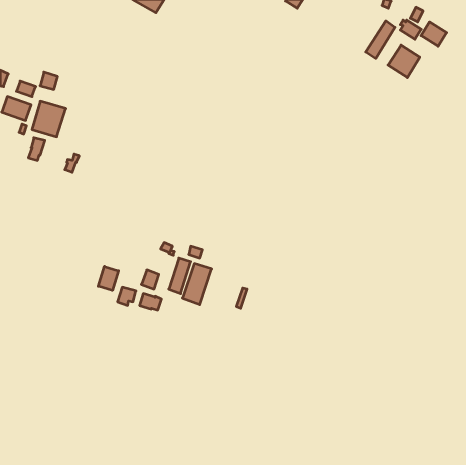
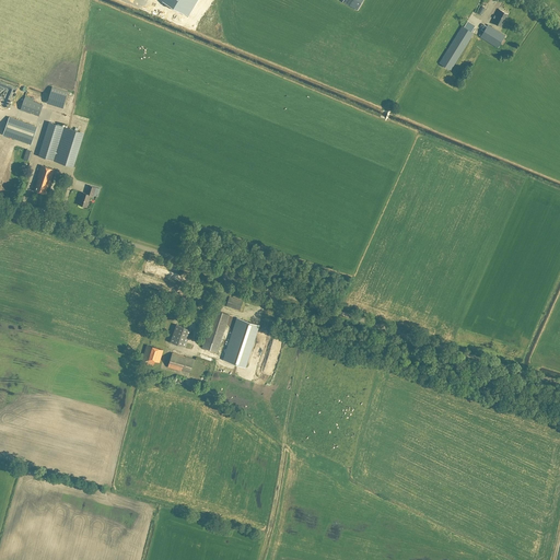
building: [421,22,447,46] -> none
building: [388,45,420,78] -> none
building: [98,266,119,290] -> none

